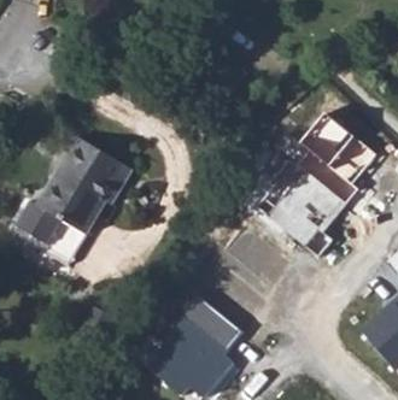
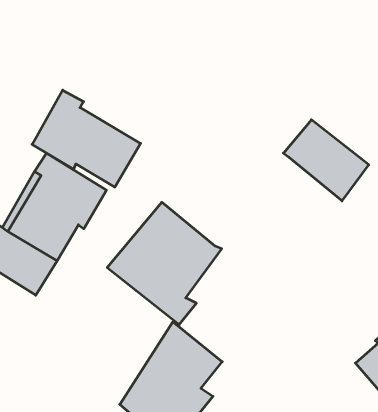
building: none -> [32,90,141,187]
building: [250,145,353,255] -> [107,202,222,325]

